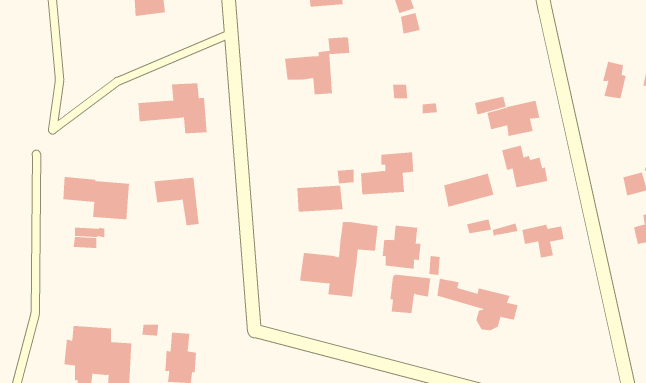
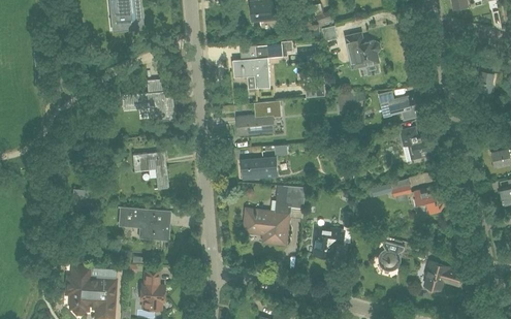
building: none -> [346,34,379,69]
building: [360,152,414,195] -> [238,101,280,134]
building: [444,173,494,207] -> none
building: [62,177,130,220] -> [119,208,170,241]
building: [382,225,421,269] -> none
building: none -> [424,261,462,290]

